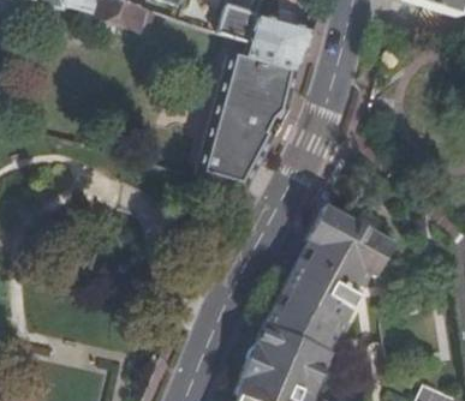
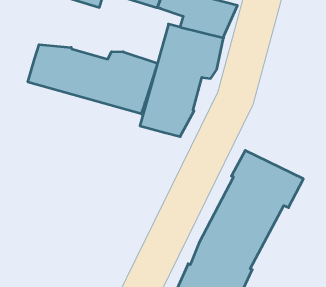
building: none -> [28,45,157,114]

